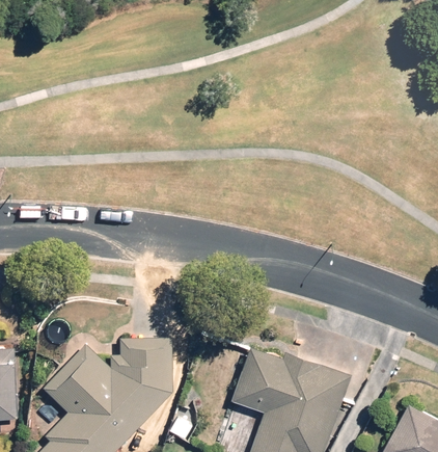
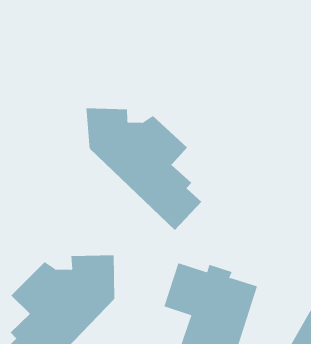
building: none -> [86,107,202,231]

